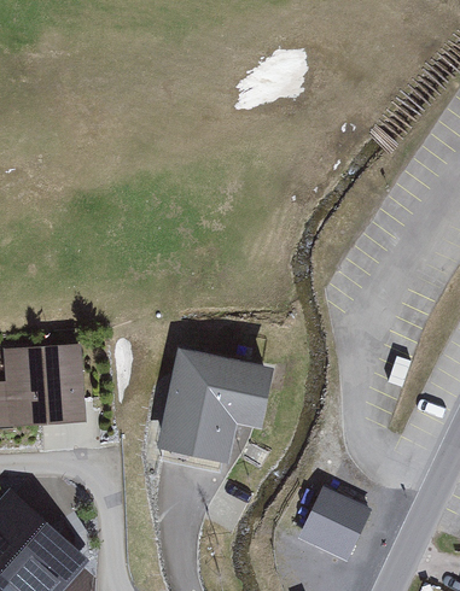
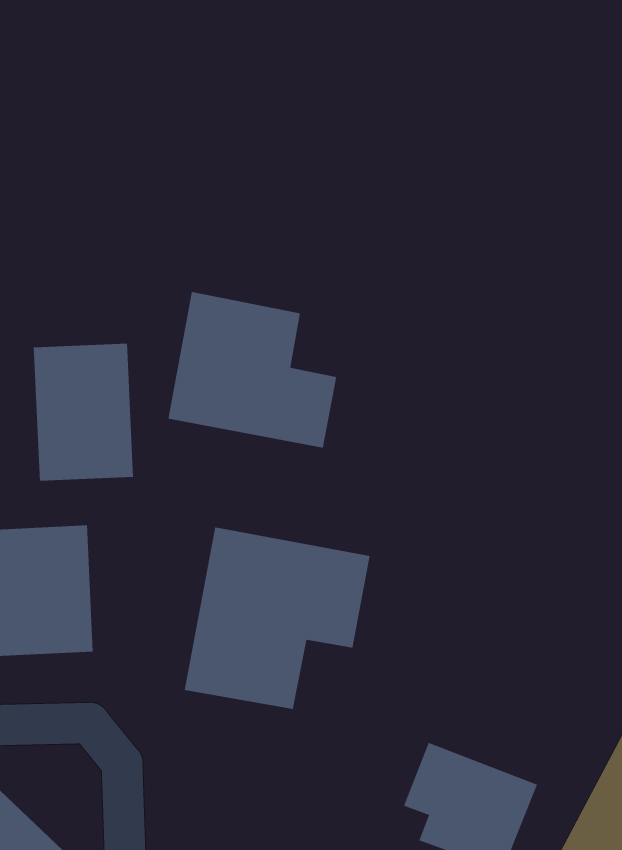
building: none -> [168,291,337,448]
building: none -> [33,343,134,482]

